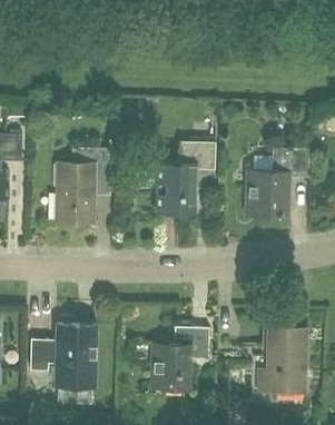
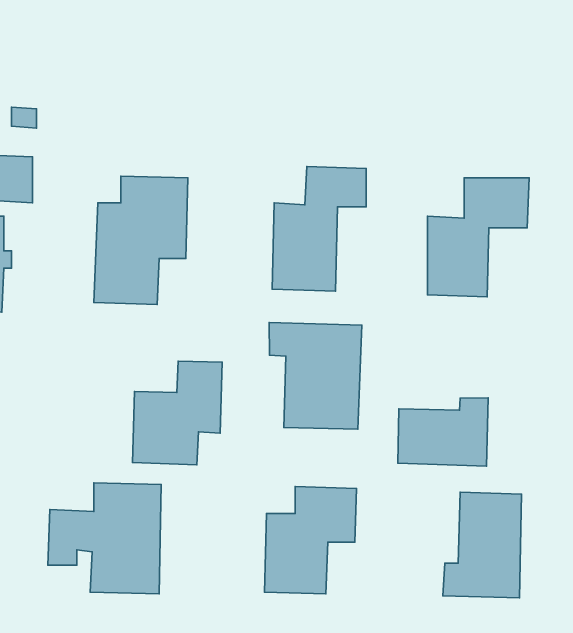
building: none -> [269,322,362,429]
building: none -> [132,361,222,465]
building: none -> [398,398,488,466]

